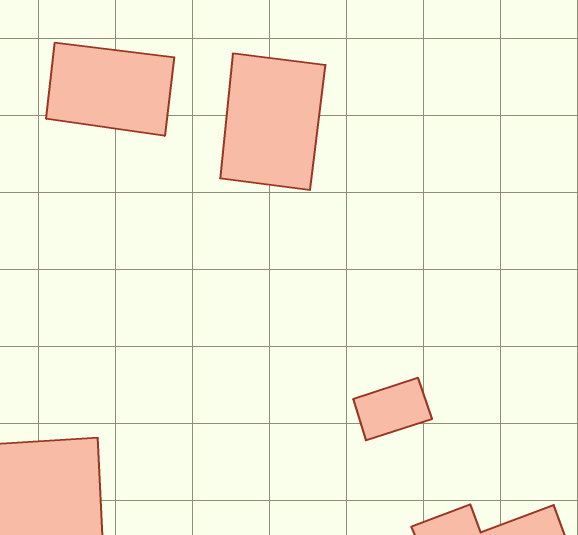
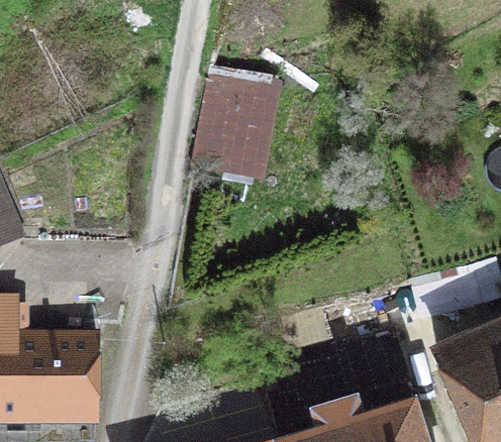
building: [46,43,174,136] -> none

